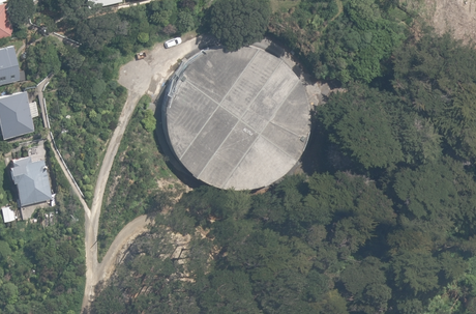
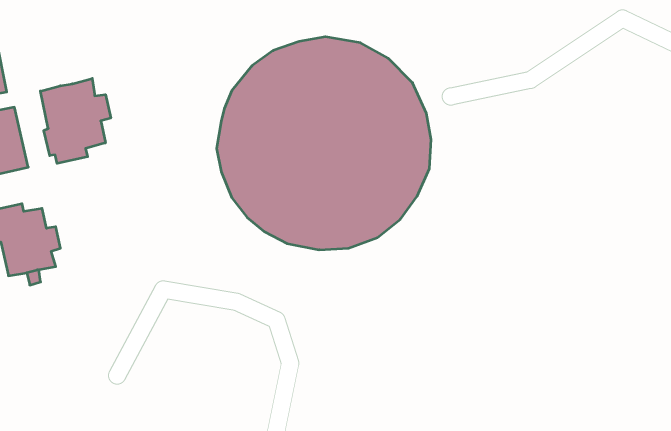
building: none -> [40,78,111,163]

